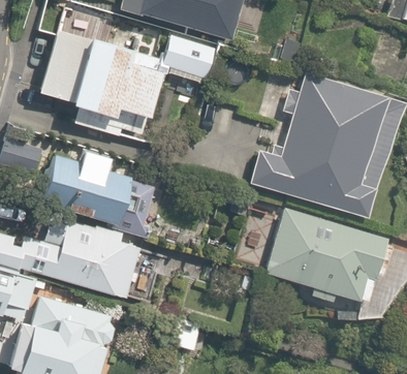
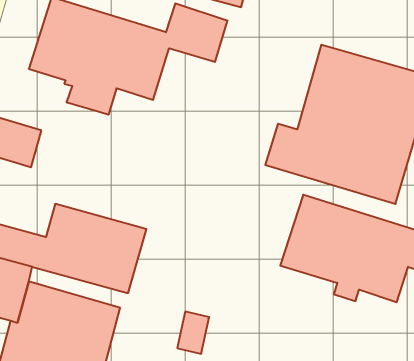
building: [41,151,159,236] -> none

